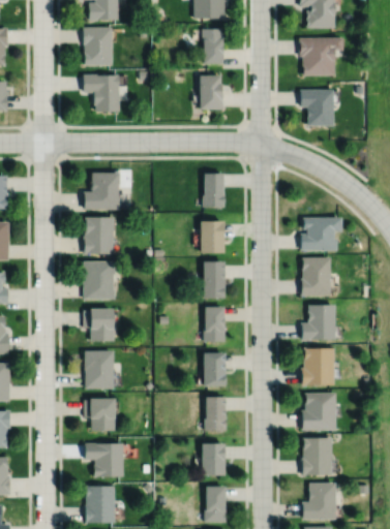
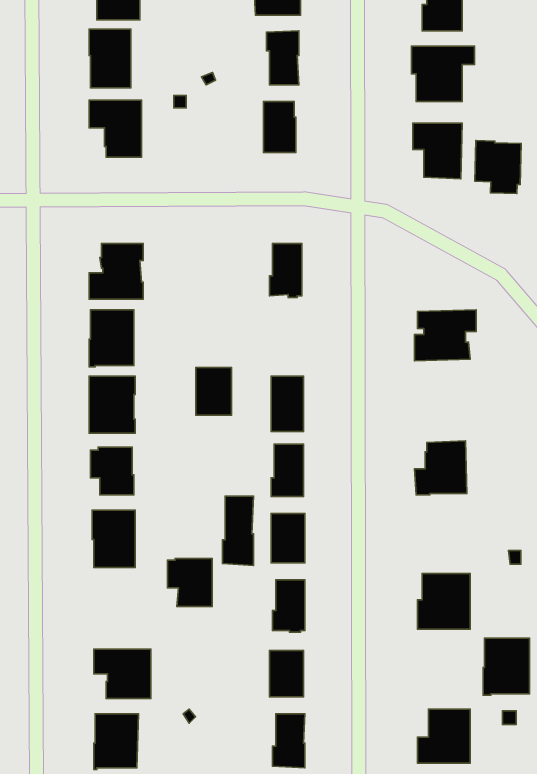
building: none -> [475,141,521,194]
building: [201,220,224,252] -> [196,367,231,415]
building: [300,256,330,295] -> none
building: none -> [222,496,253,565]
building: [300,347,333,385] -> none
building: [84,399,114,431] -> [168,559,212,606]
building: [302,438,333,476] -> [483,638,529,695]

